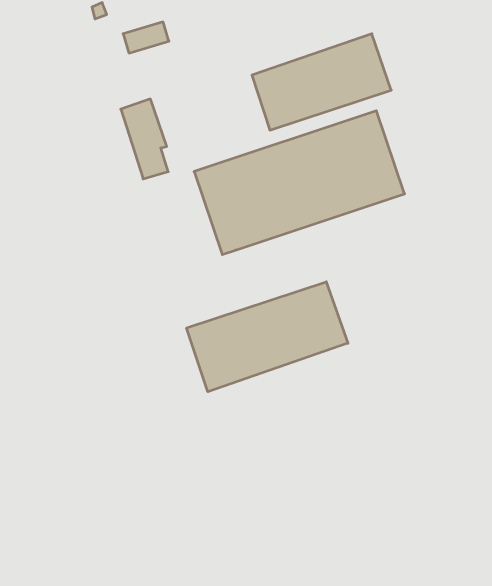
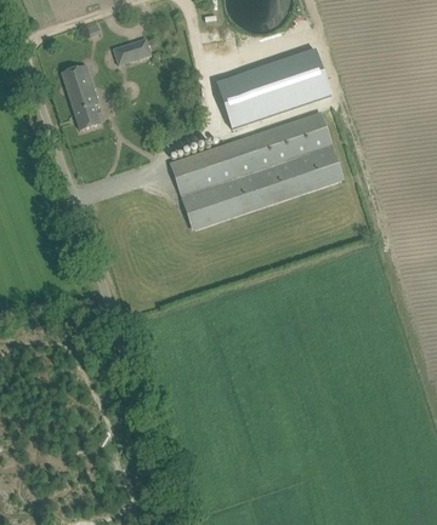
building: [121,99,168,179] -> [61,64,100,130]
building: [187,282,348,392] -> none

